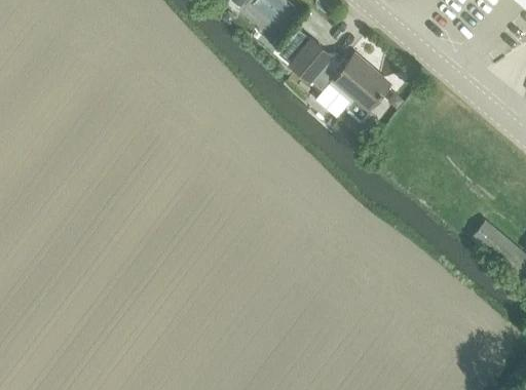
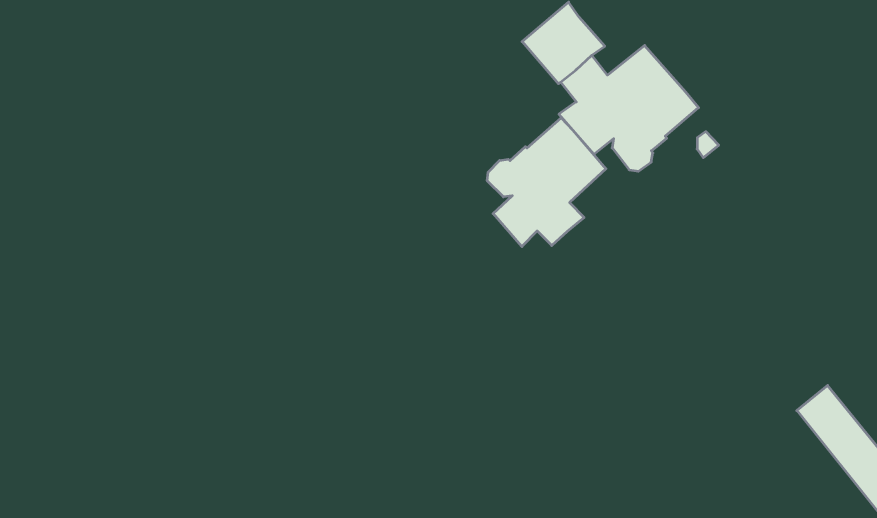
building: none -> [487,118,606,247]

